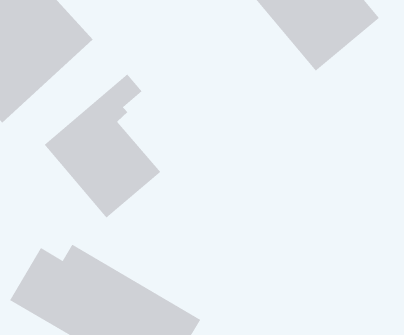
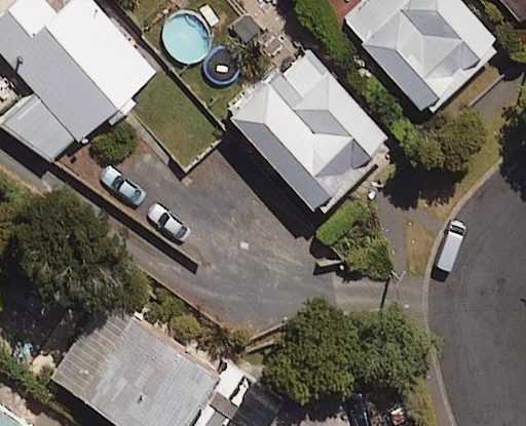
building: none -> [230,49,390,212]
building: [44,73,161,219] -> none

